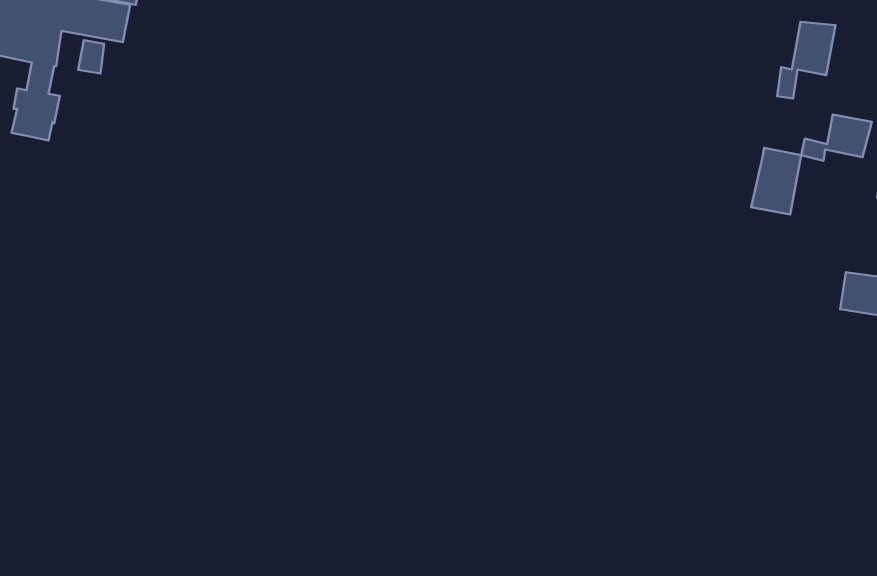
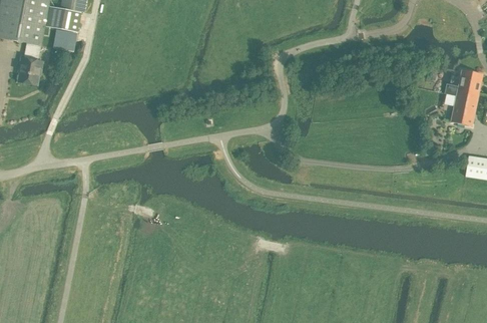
building: [777,22,836,99] -> none
building: [751,148,801,215] -> [450,89,477,125]

